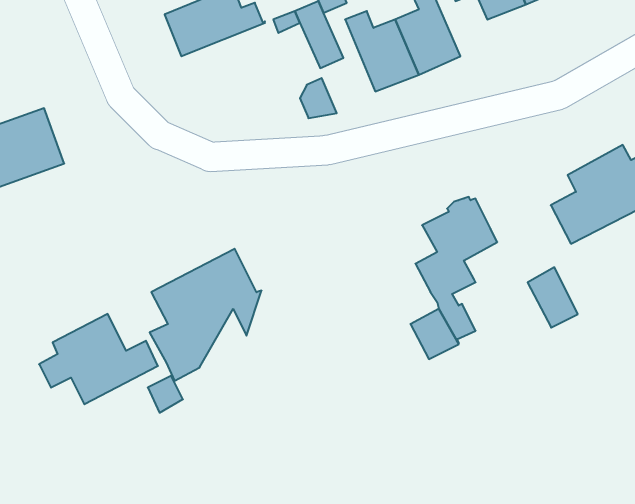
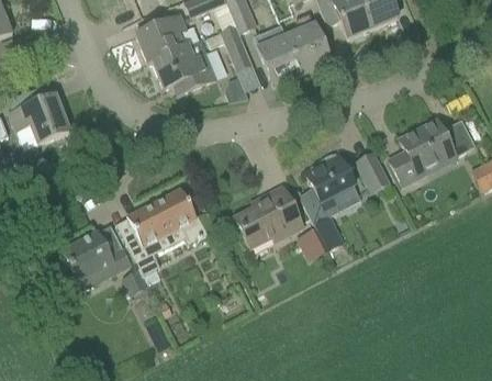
building: none -> [146,38,217,93]
building: none -> [234,184,302,246]
building: [528,267,578,328] -> [356,152,389,191]

